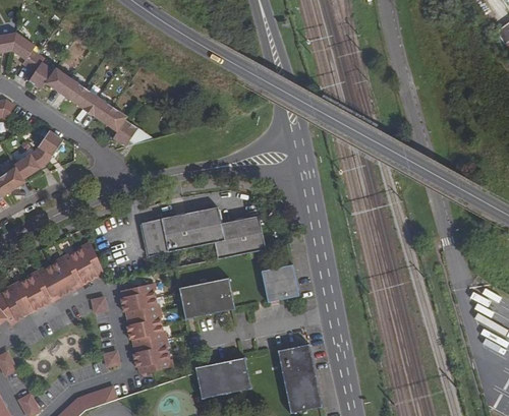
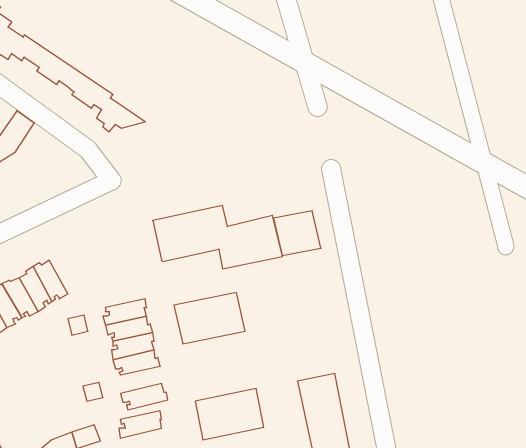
building: [140,219,167,256] -> none
building: [75,241,103,279] -> none
building: [261,264,299,301] -> [274,211,321,256]
building: [132,338,167,360] -> [119,411,161,438]

